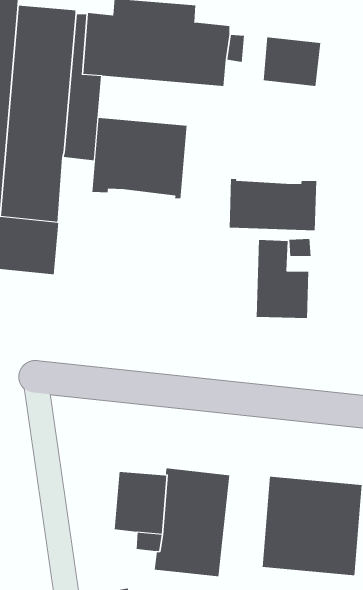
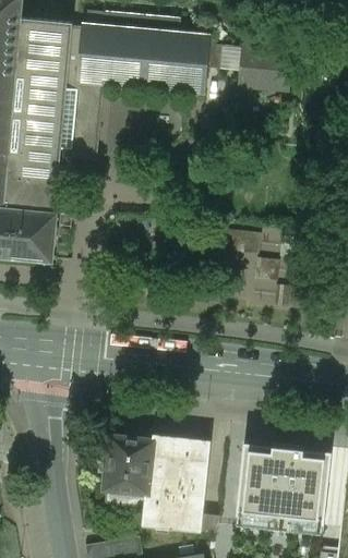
building: [92,117,187,199] -> none
building: [229,178,317,231] -> none

